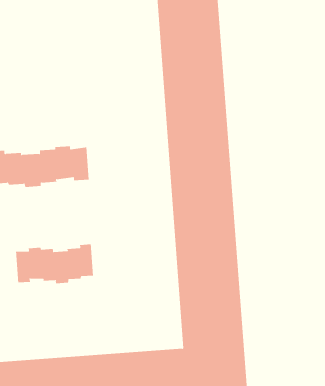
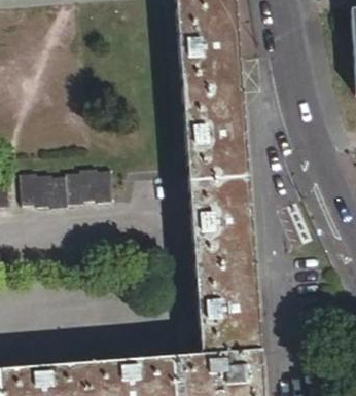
building: [16,244,93,284] -> none

